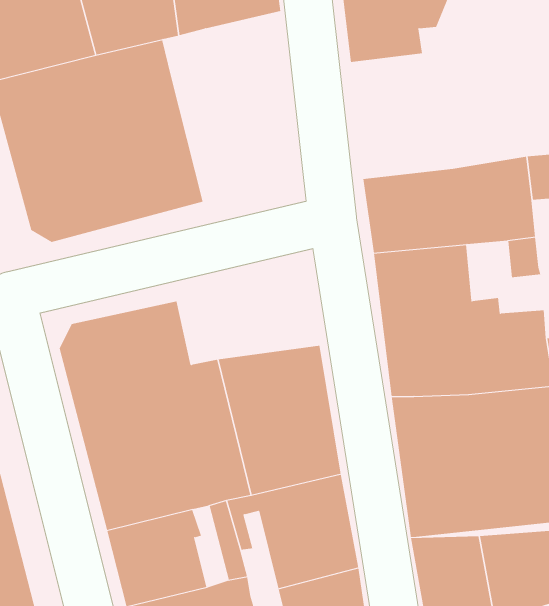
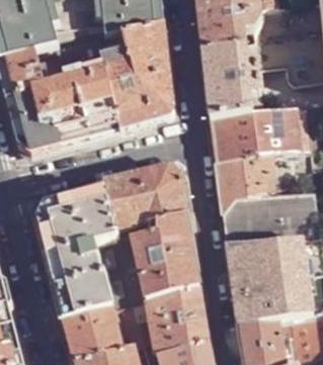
building: none -> [100,18,172,127]
building: none -> [203,42,261,114]
building: none -> [101,161,185,220]

